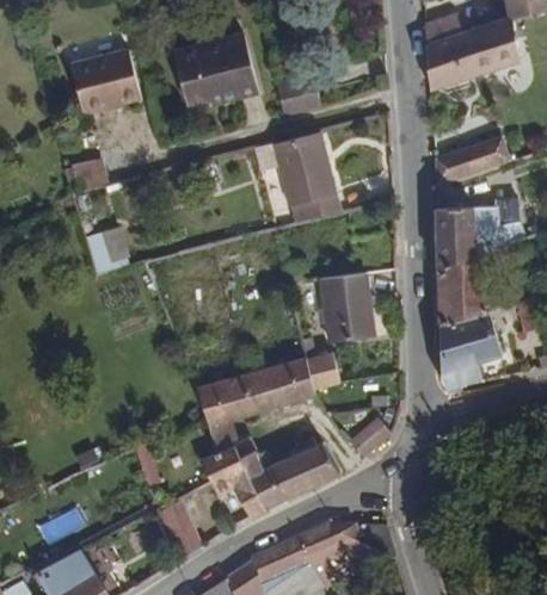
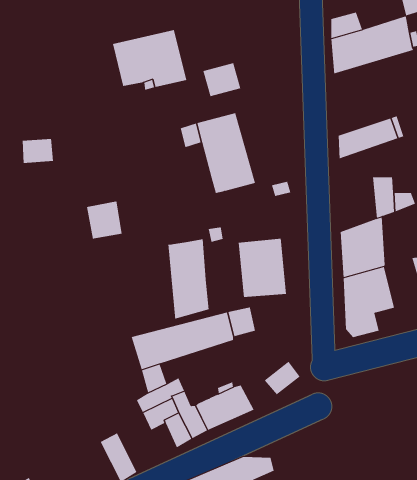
building: [70,50,141,114] -> none
building: [436,205,478,268] -> none
building: [88,228,130,272] -> [86,201,122,239]
building: none -> [168,238,209,320]

